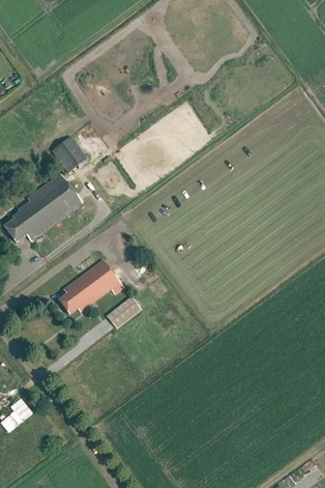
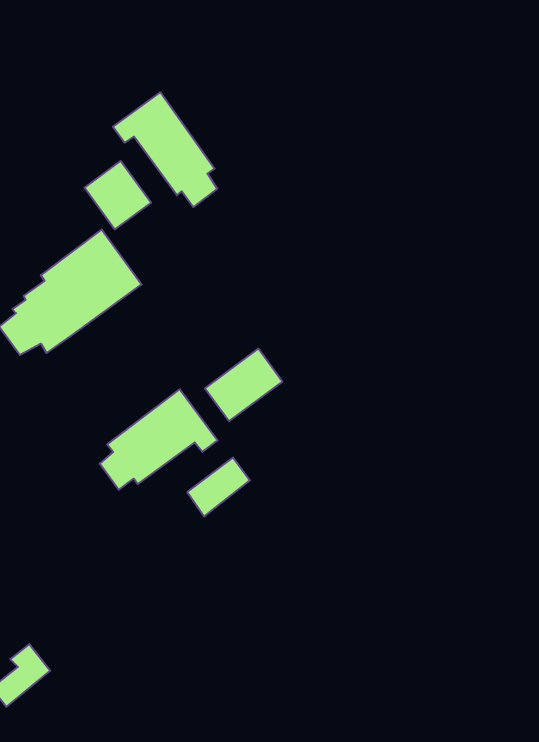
building: none -> [113,92,217,207]
building: none -> [205,349,282,421]

